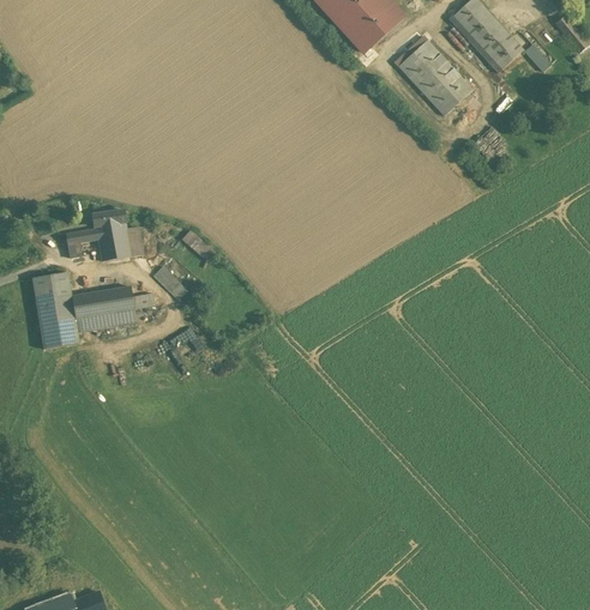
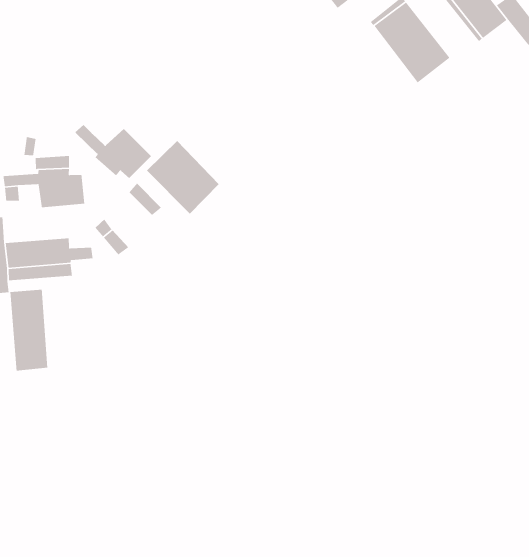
building: none -> [74,124,152,179]
building: none -> [146,140,219,214]
building: none -> [10,289,48,371]

